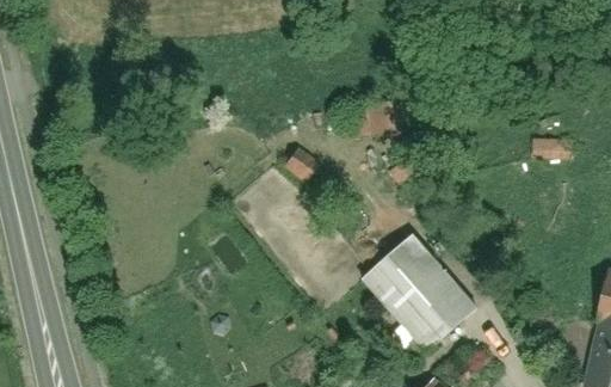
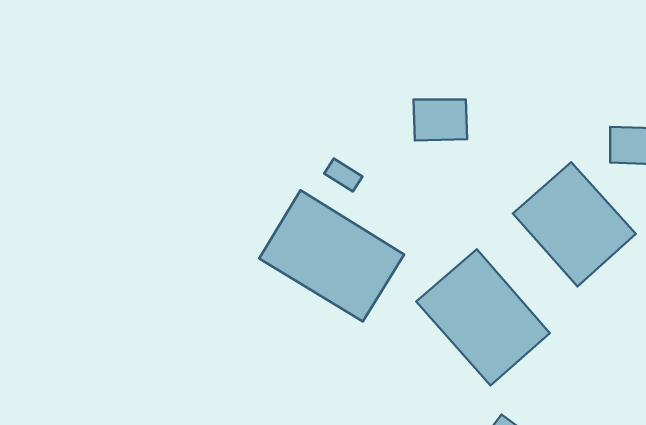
building: none -> [513,162,636,287]
building: none -> [259,190,404,322]

